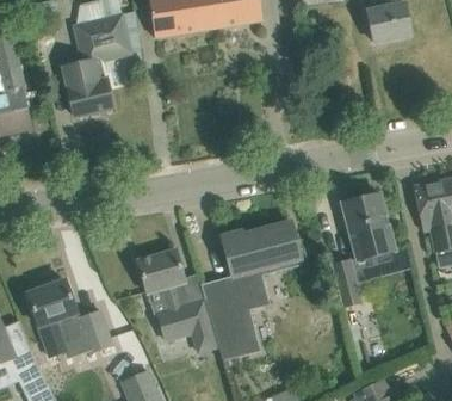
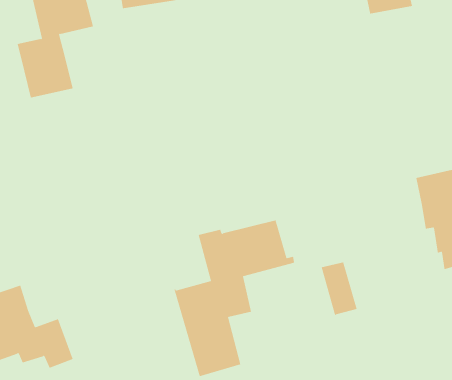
building: [341,193,396,261] -> none
building: [137,249,217,352] -> none

